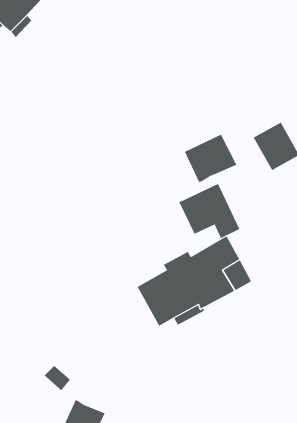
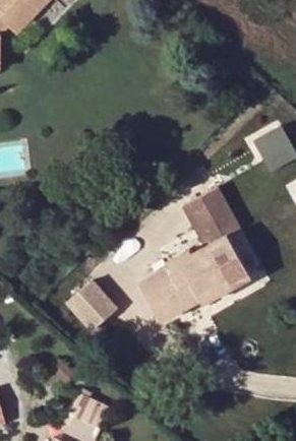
building: [184,134,237,183] -> none
building: none -> [62,276,118,323]

